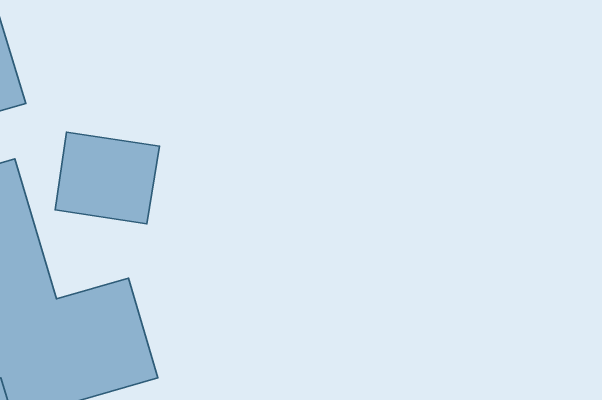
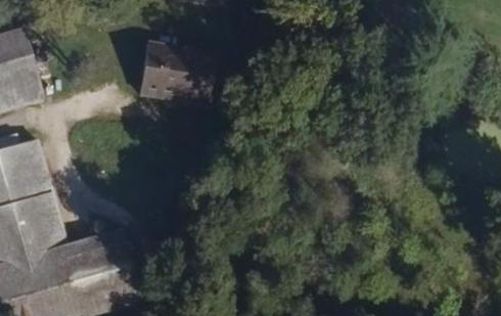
building: [55,132,159,224] -> [137,38,214,105]

